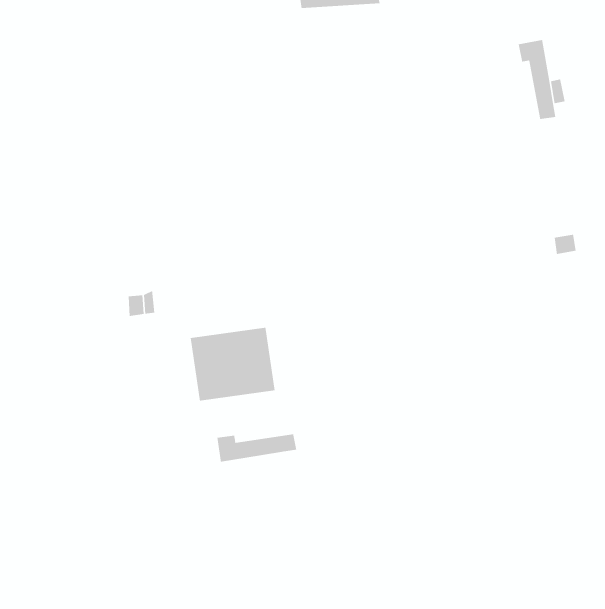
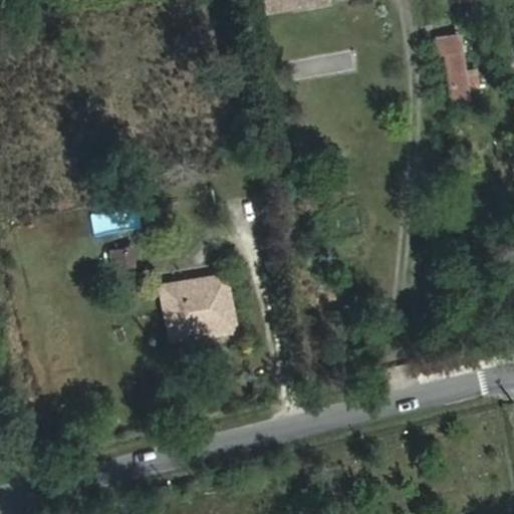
building: [217,434,297,462] -> none

